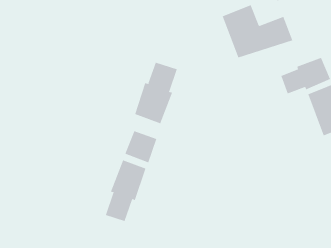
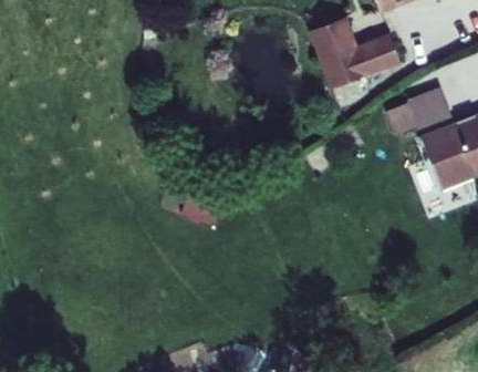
building: [134,62,177,124] -> none
building: [105,159,146,222] -> none

